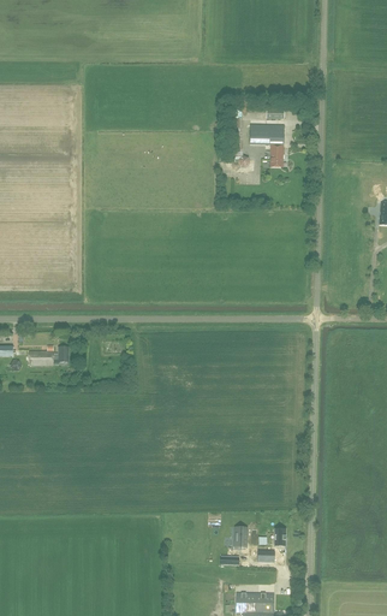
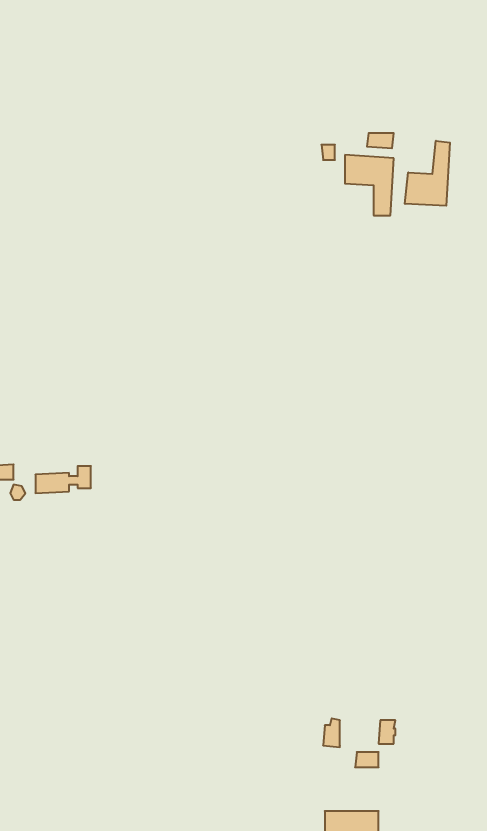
building: none -> [405,141,450,206]

